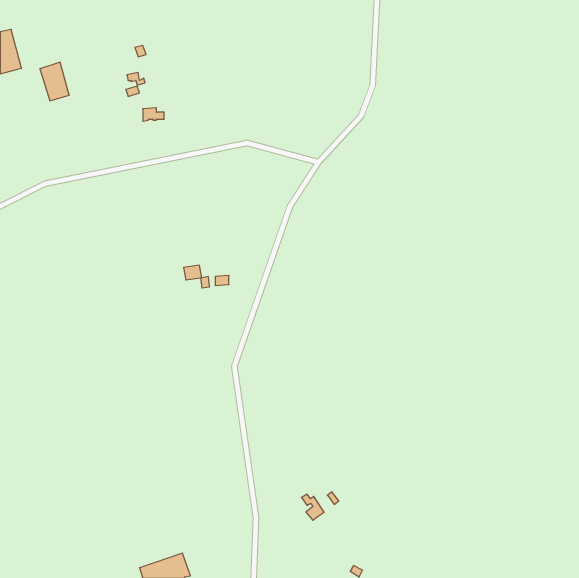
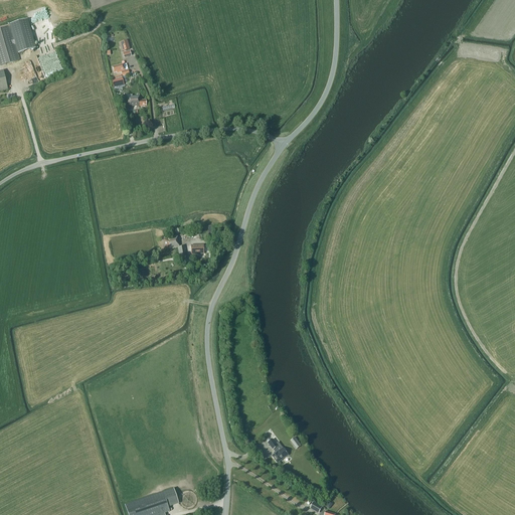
building: [40,62,69,101] -> [9,18,35,52]

